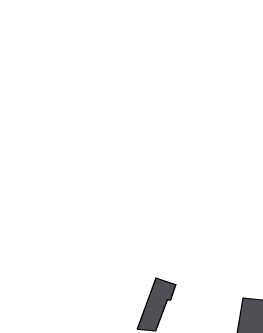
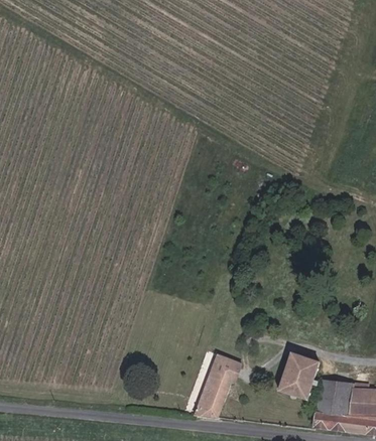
building: none -> [279,350,319,397]

